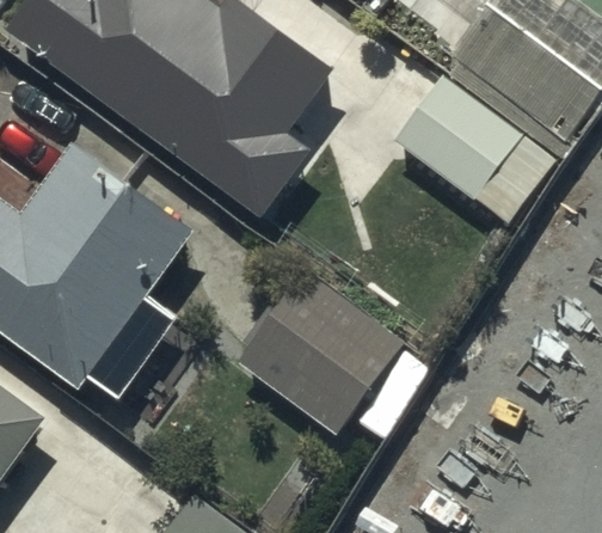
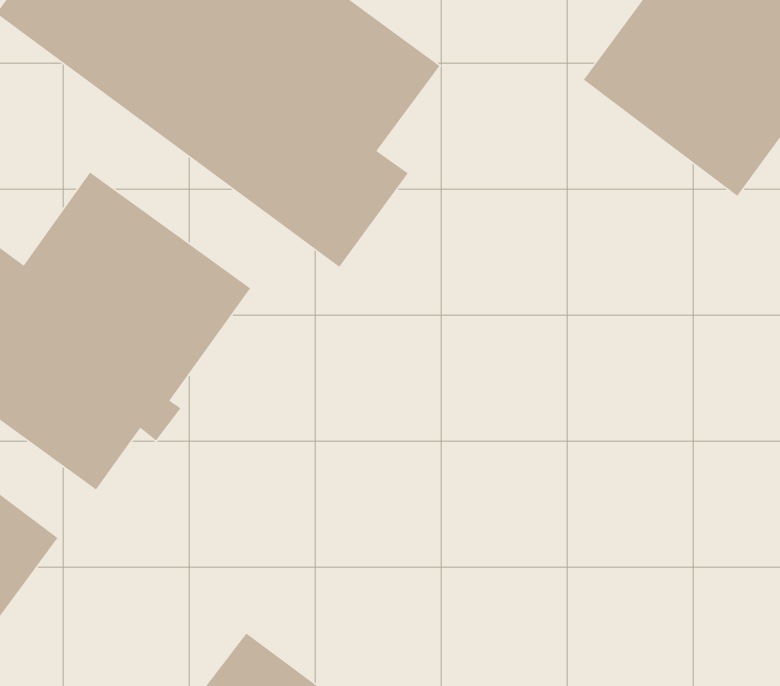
building: [392,73,559,228] -> none
building: [240,275,408,440] -> none

